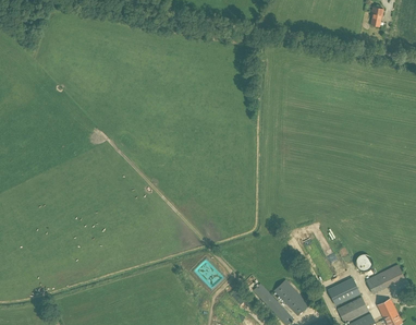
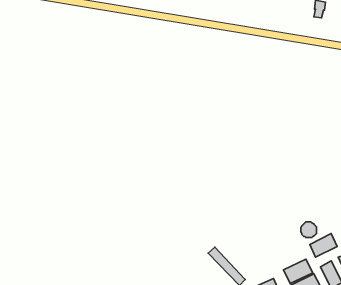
building: [327,277,359,305] -> none
building: [272,278,308,315] -> none

